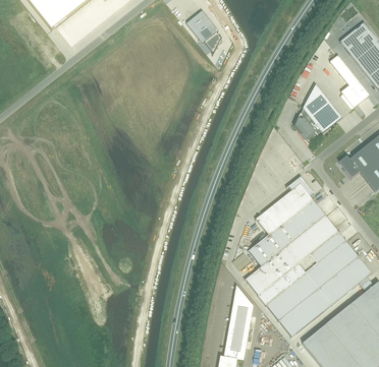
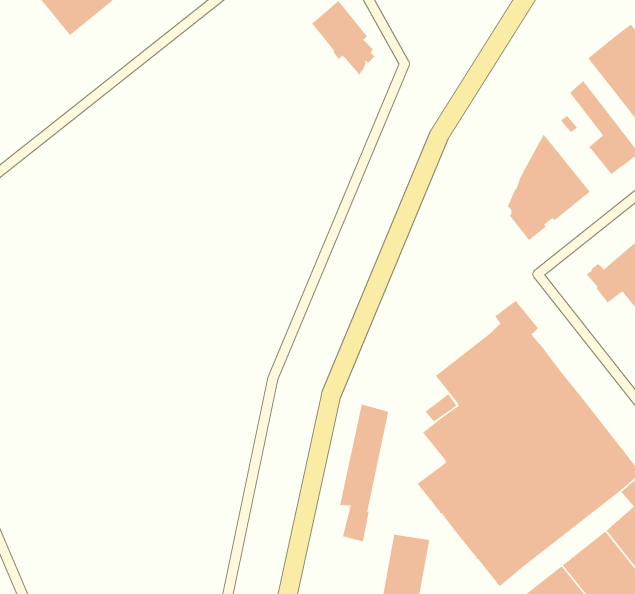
building: none -> [339,404,389,543]

